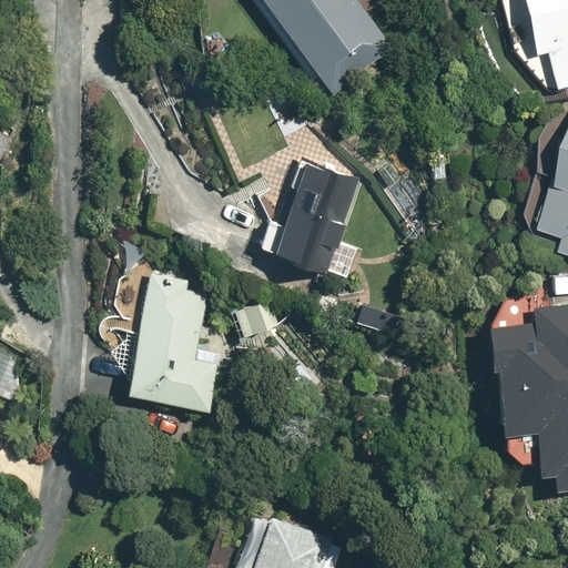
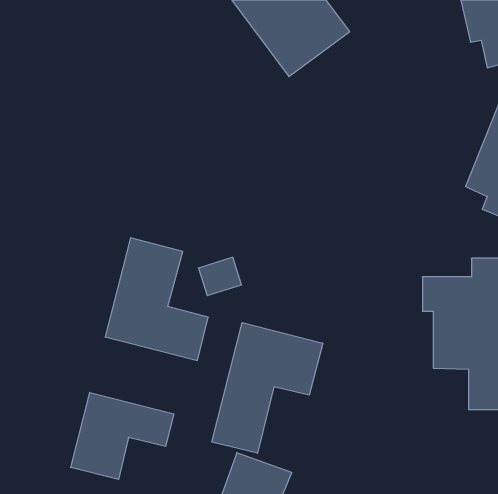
building: [262,152,368,271] -> none
building: none -> [212,323,323,453]
building: none -> [71,392,174,479]

